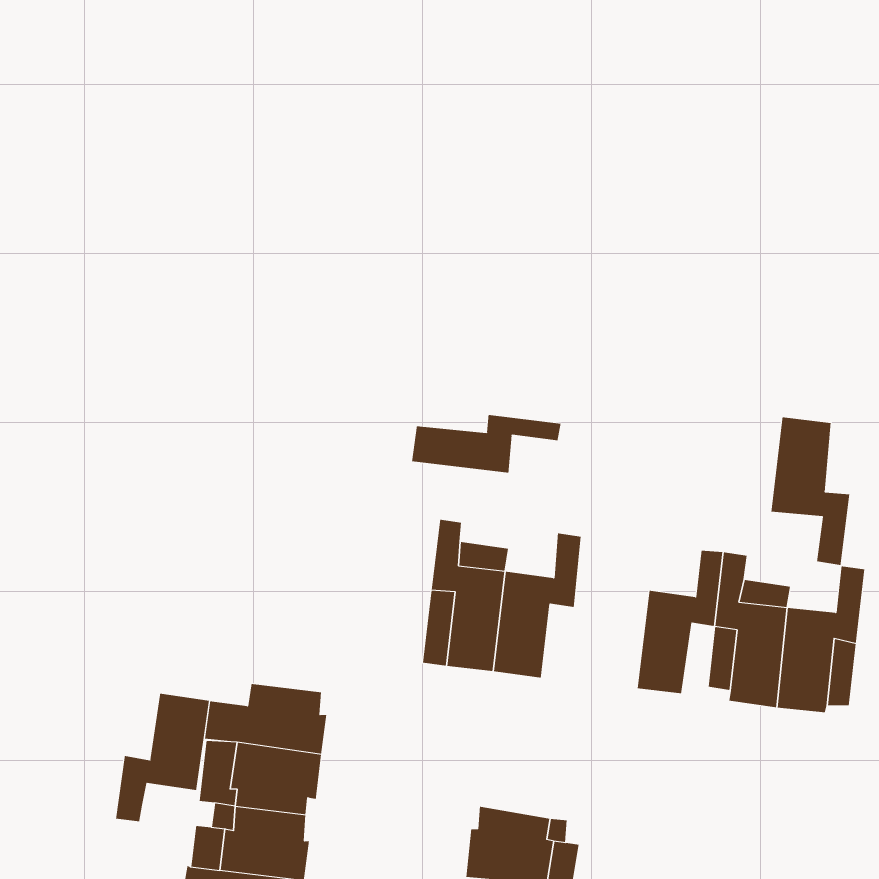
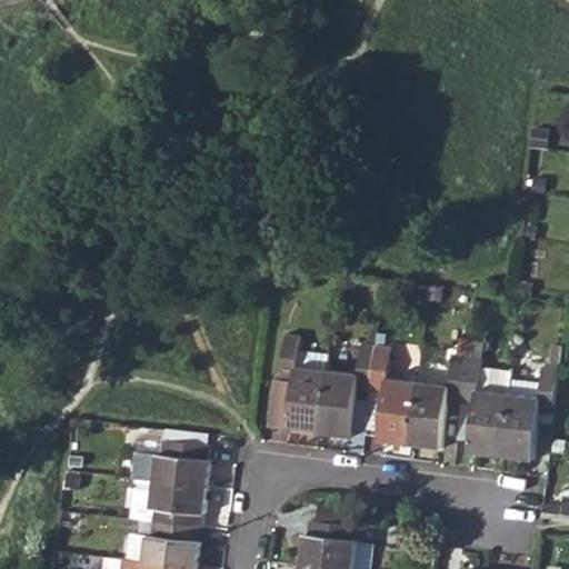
building: [412,414,561,474] -> none
building: [771,417,850,566] -> none
building: none -> [369,348,417,446]
building: [115,693,209,822] -> none

